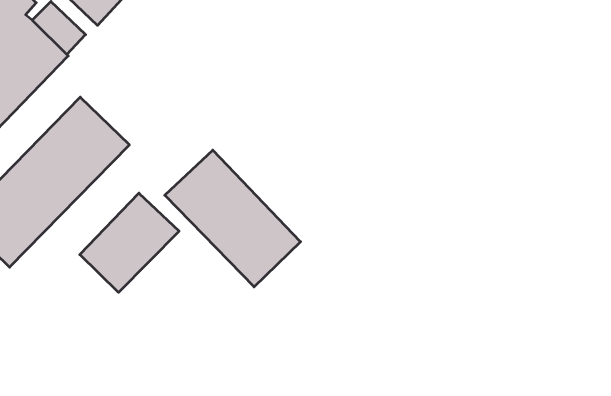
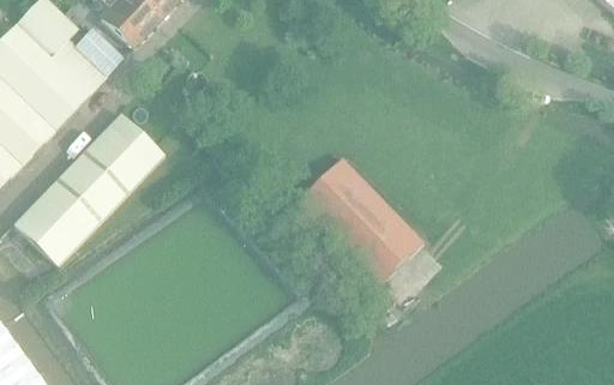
building: [165,150,301,287] -> [301,157,423,281]
building: [80,193,179,292] -> none

